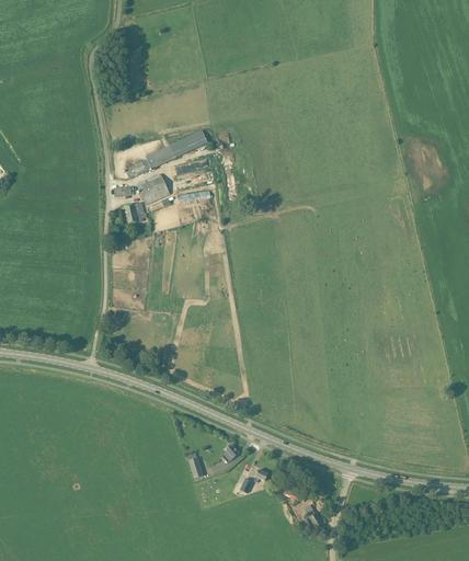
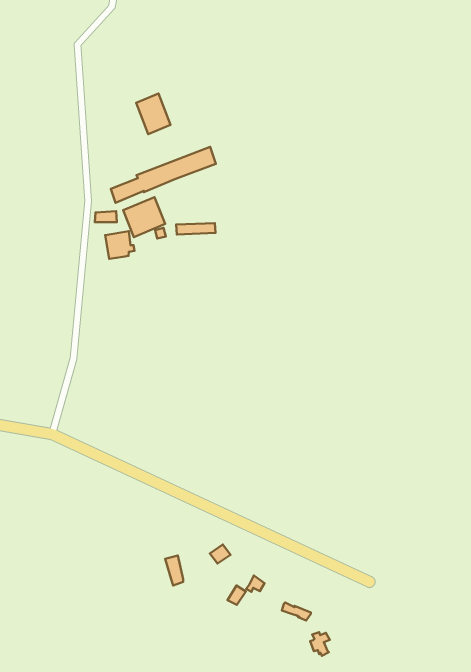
building: none -> [136,93,171,134]

